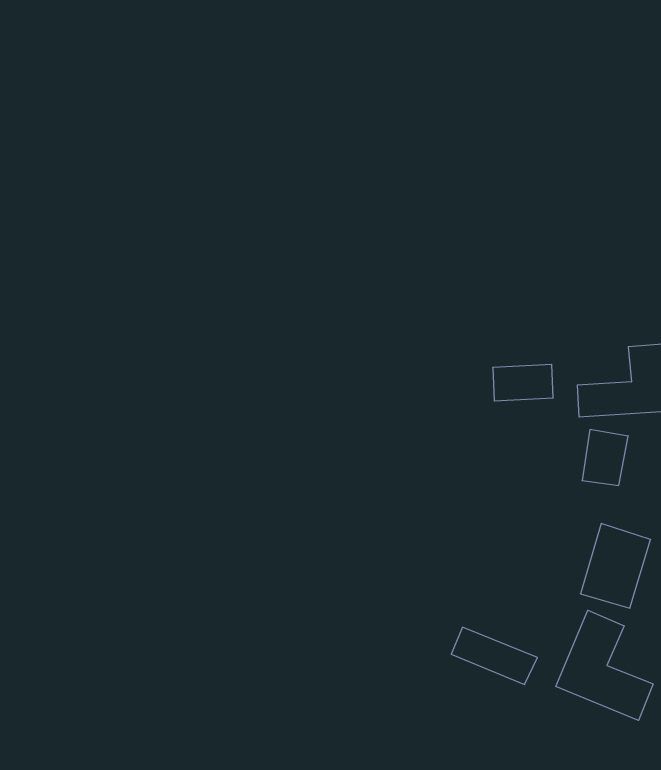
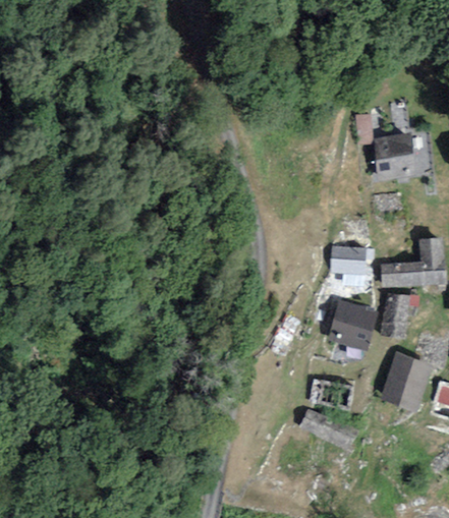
building: none -> [373,134,417,172]
building: none -> [328,305,381,352]
building: [556,610,653,720] -> none

